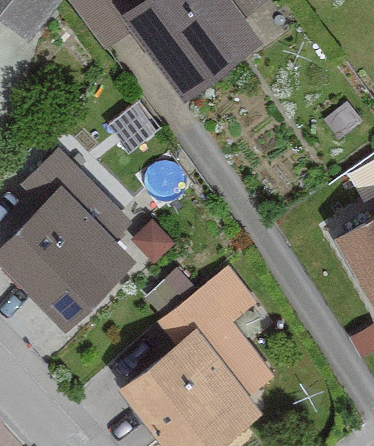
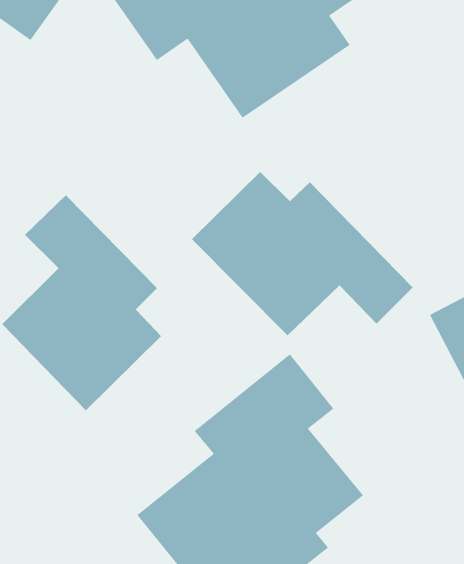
building: none -> [191,171,414,336]

